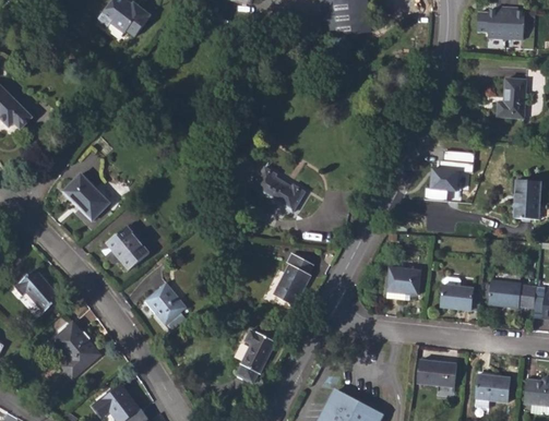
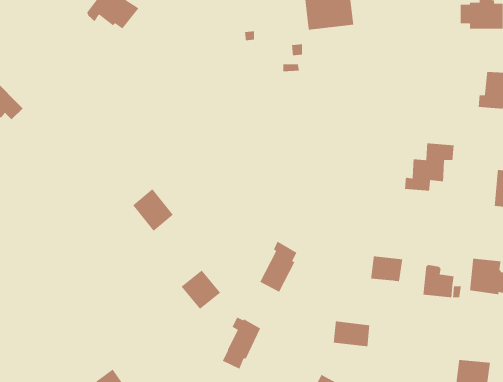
building: [252,167,305,212] -> none
building: [63,173,109,219] -> none
building: [106,225,148,269] -> [132,188,174,232]
building: [14,267,60,311] -> none
building: [144,282,186,324] -> [181,269,221,310]
building: [52,323,99,377] -> none
building: [417,359,455,386] -> [333,321,370,347]

